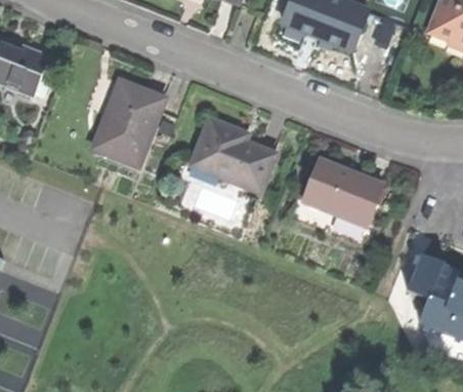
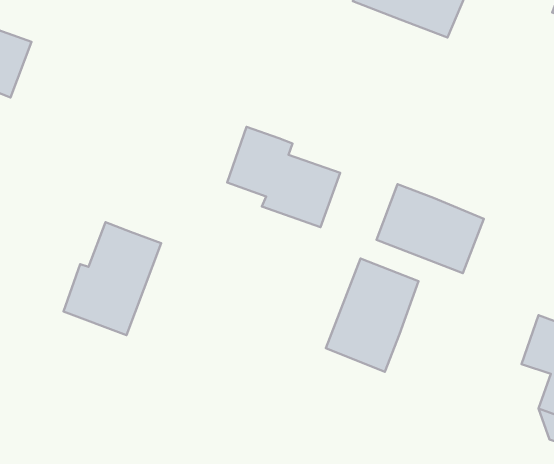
building: [91,80,163,163] -> [64,222,161,335]
building: none -> [326,259,418,372]

